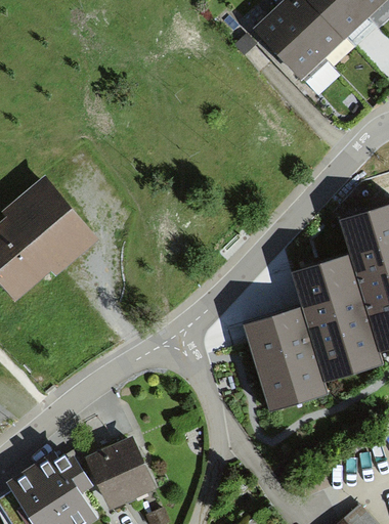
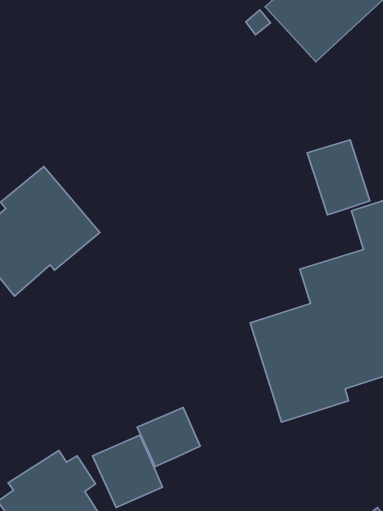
building: none -> [307,140,370,215]
building: none -> [137,408,200,466]

